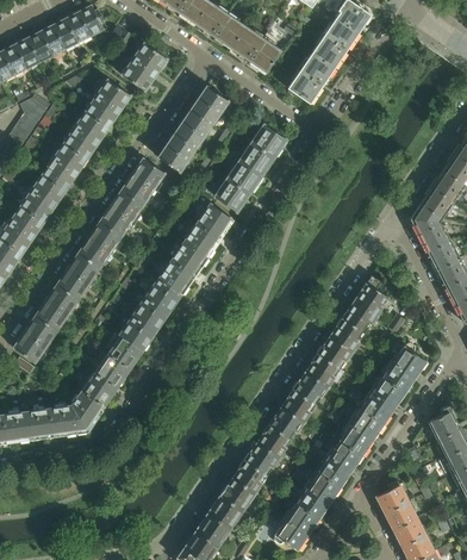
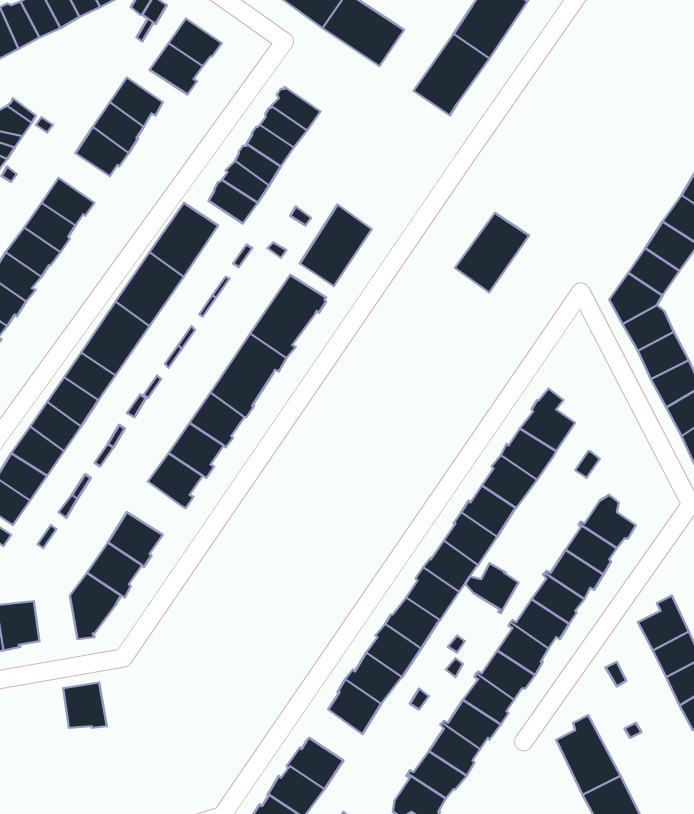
building: [239,125,286,175] -> [455,213,529,292]
building: [64,127,96,158] -> none
building: [107,334,142,368] -> none
building: none -> [465,563,519,613]
building: [49,405,76,434] -> [63,682,107,728]
building: [219,477,255,509] -> none

